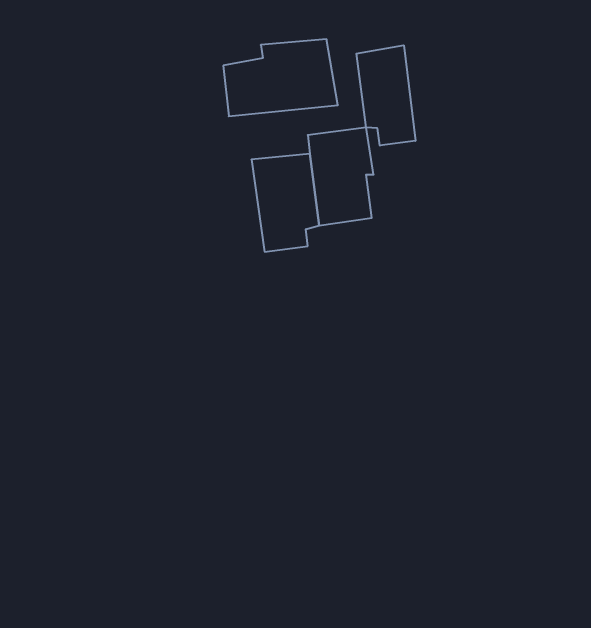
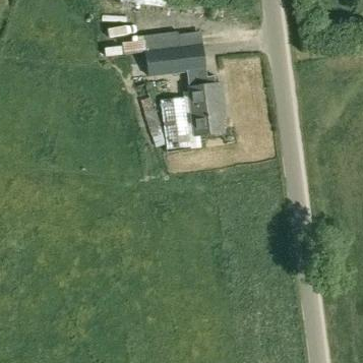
building: [356,45,415,146] -> none

